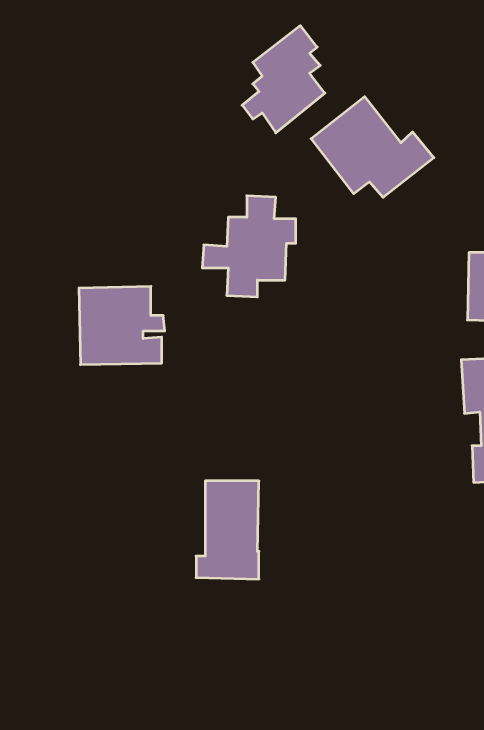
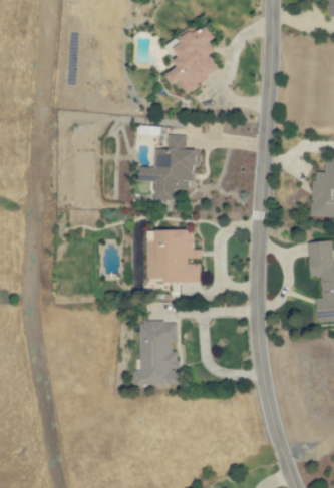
building: [311,97,434,197] -> none
building: [79,286,165,365] -> [145,229,202,281]

